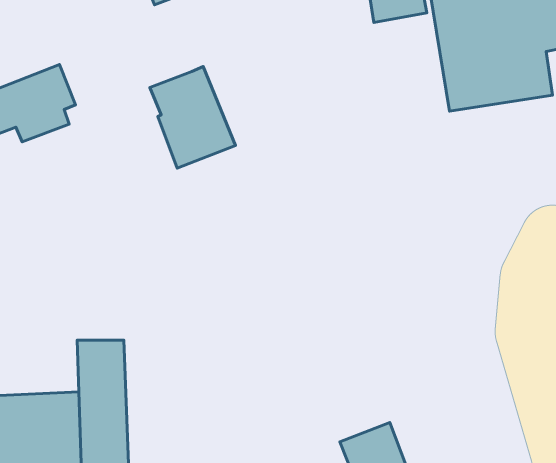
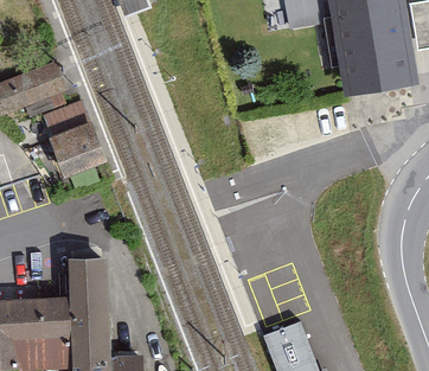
building: [150,67,235,168] -> [43,100,105,174]

